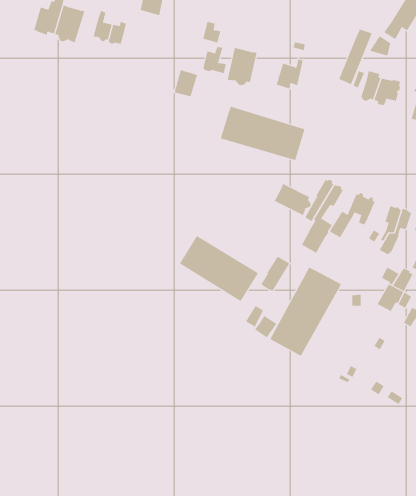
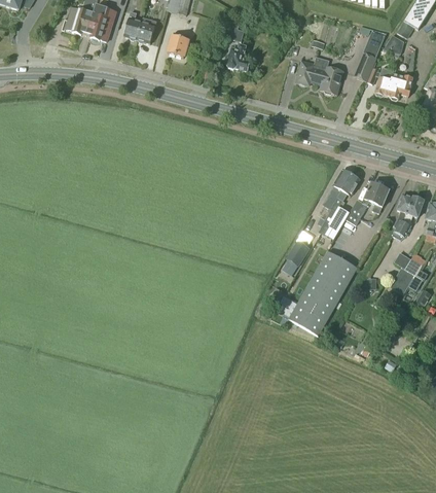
building: [227,47,257,86] -> none
building: none -> [316,58,342,94]
building: [174,69,198,97] -> [167,31,189,57]
building: [220,106,305,161] -> none
building: [274,183,311,216] -> none
building: [179,235,259,302] -> none

